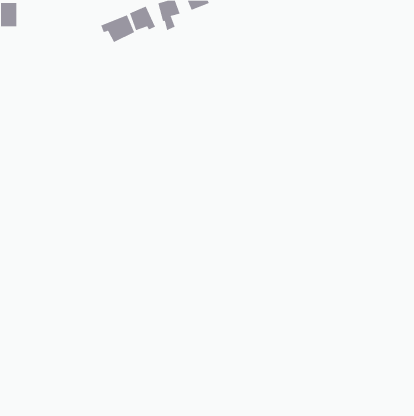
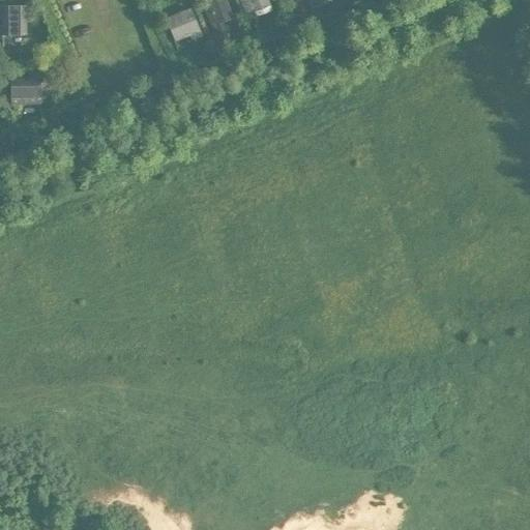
building: [100,14,135,43] -> none
building: none -> [10,70,40,105]

